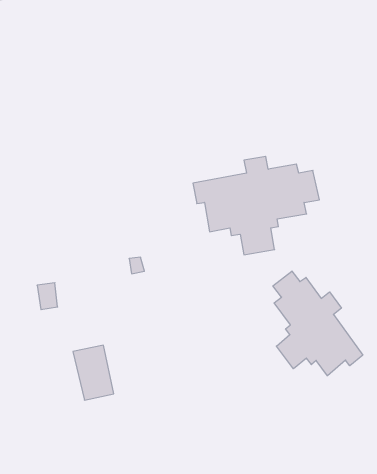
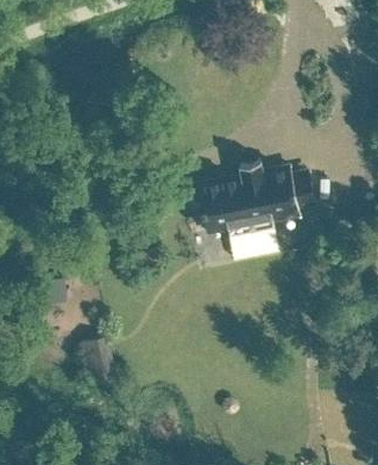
building: [273,271,363,376] -> none

